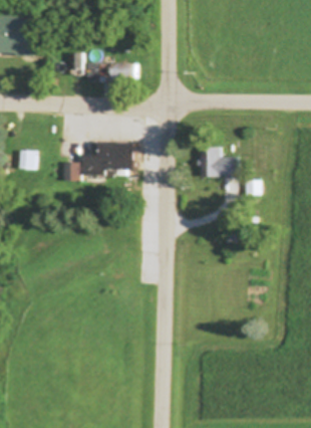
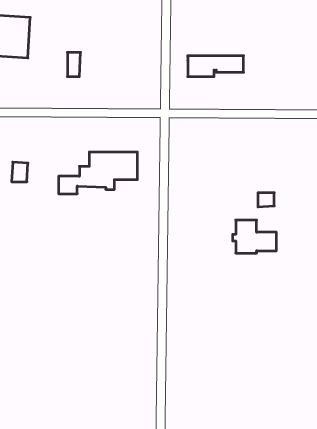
building: [84,63,135,82] -> [188,56,244,77]
building: [197,147,237,177] -> [233,220,276,253]

